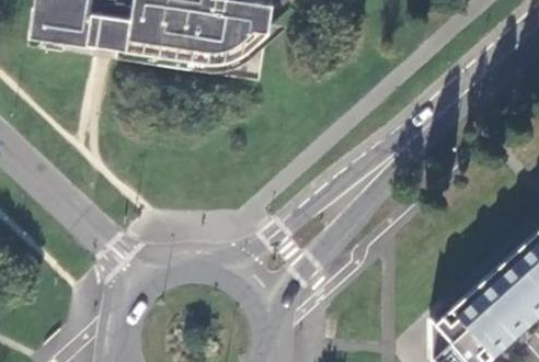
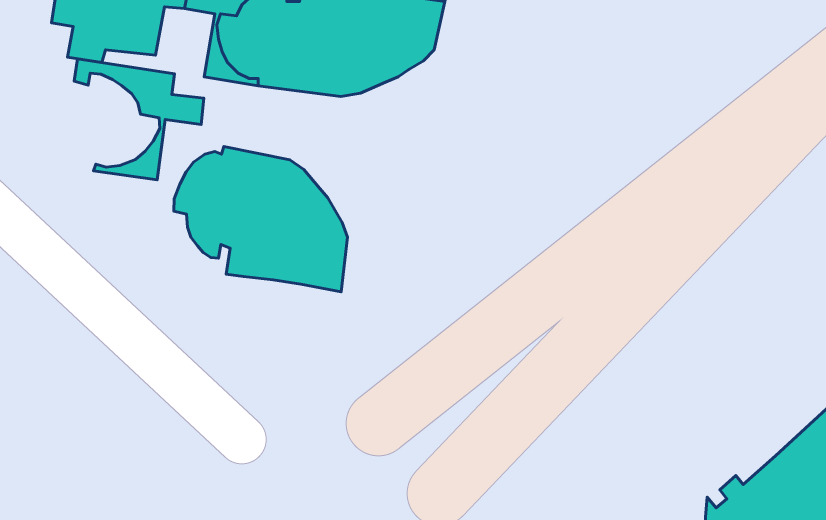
building: none -> [74,59,204,180]
building: none -> [174,147,347,292]

